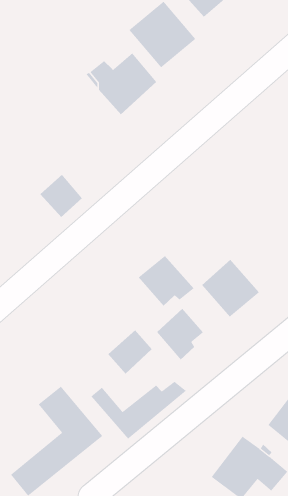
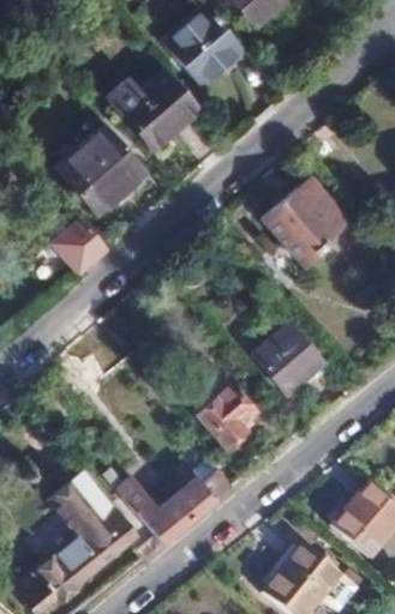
building: none -> [56,122,145,215]
building: none -> [262,177,348,266]
building: [138,255,194,306] -> none
building: [107,330,153,375] -> none

